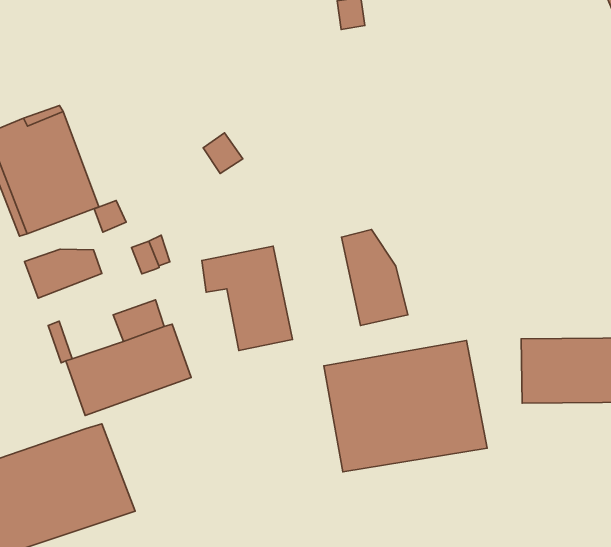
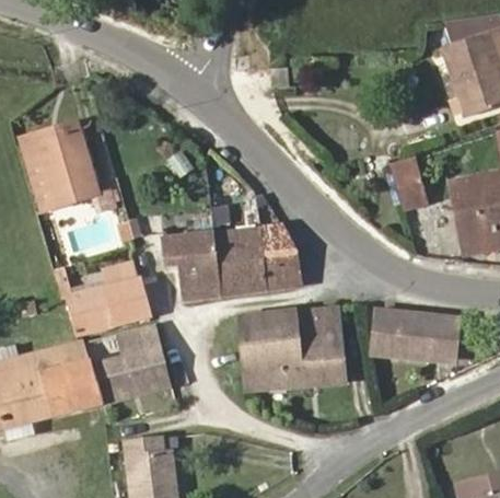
building: none -> [391,160,425,208]
building: none -> [213,227,268,297]
building: [24,249,102,298] -> none
building: none -> [92,324,173,404]

